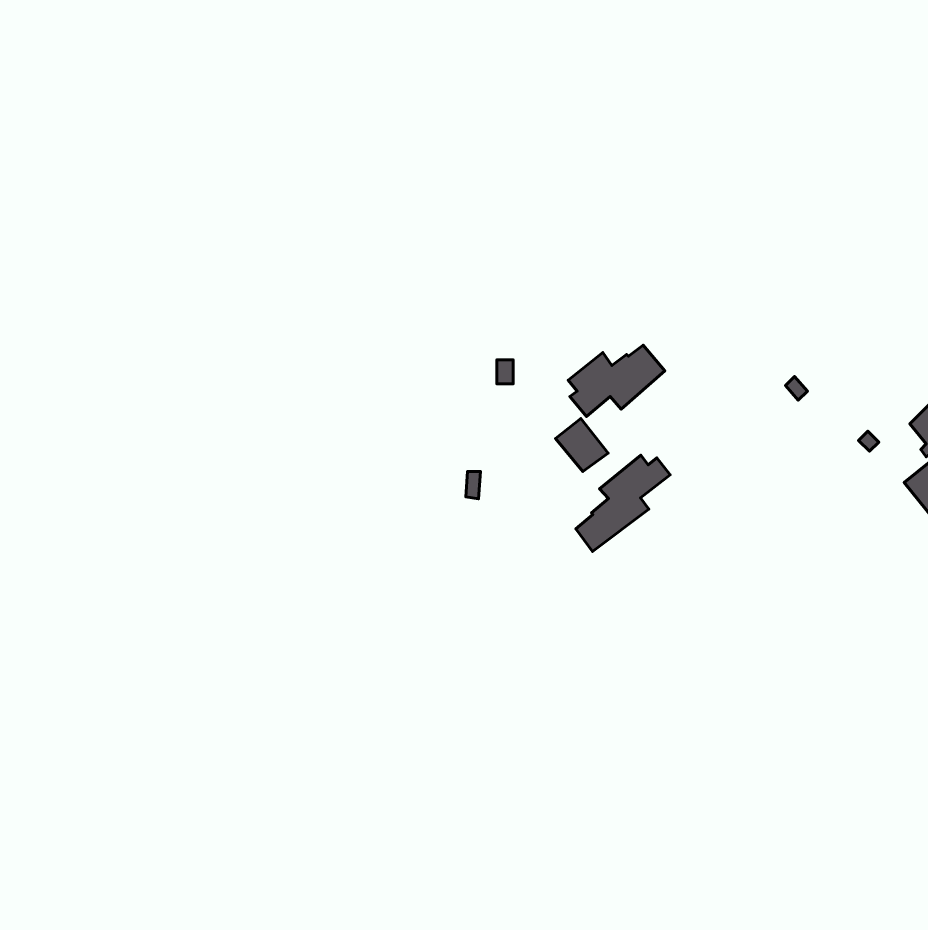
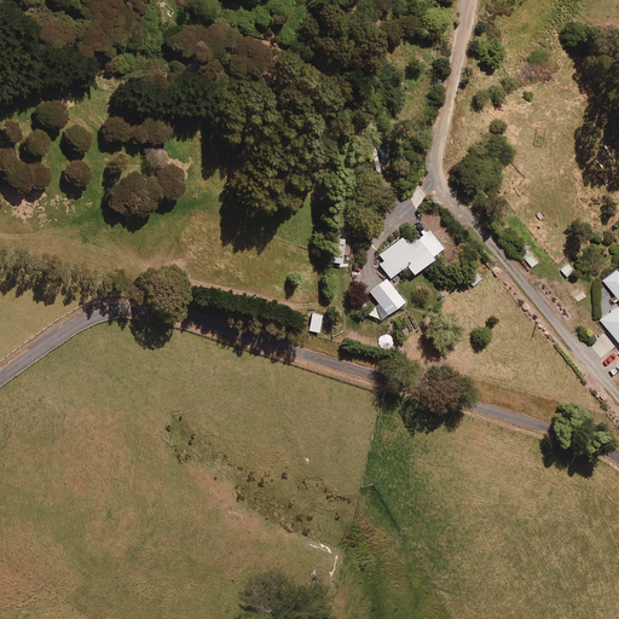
building: [576,455,670,551] -> none

